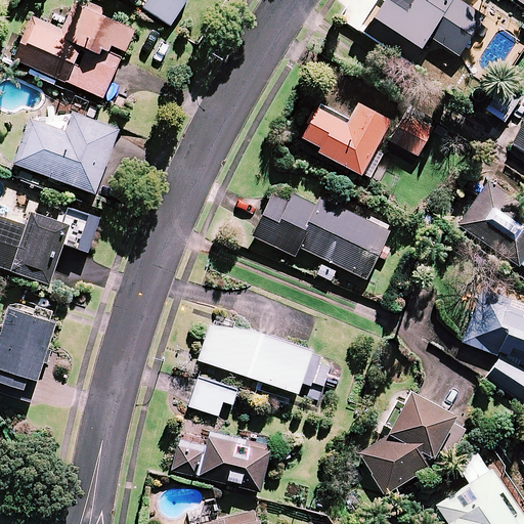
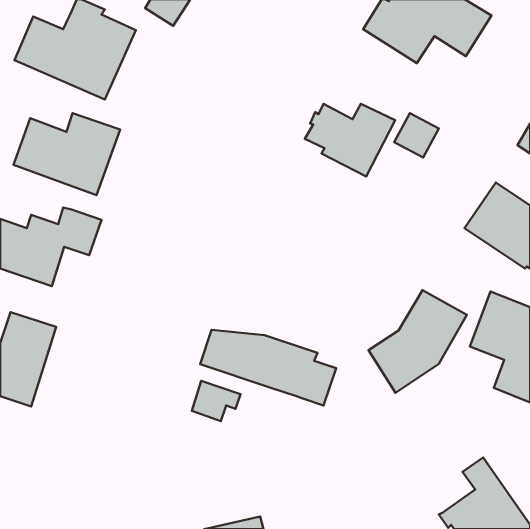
building: [252,183,389,281] -> none
building: [358,392,455,493] -> [368,290,467,393]
building: [172,430,270,491] -> none

